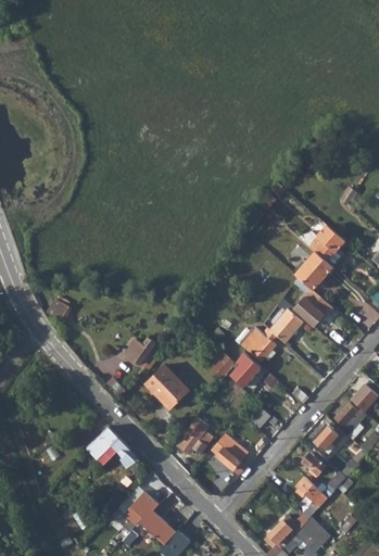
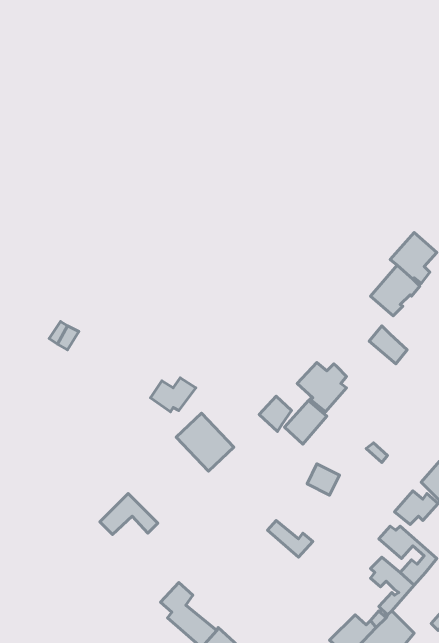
building: [268,308,302,343] -> none
building: [174,414,218,457] -> none

